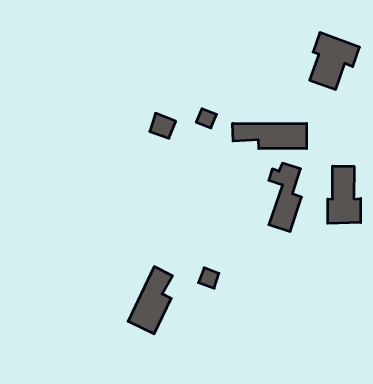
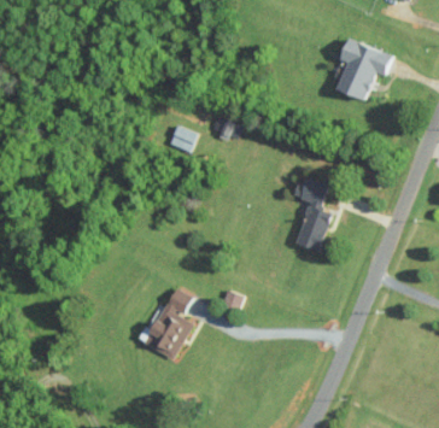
building: [233,123,307,149] -> none
building: [328,166,361,223] -> none

